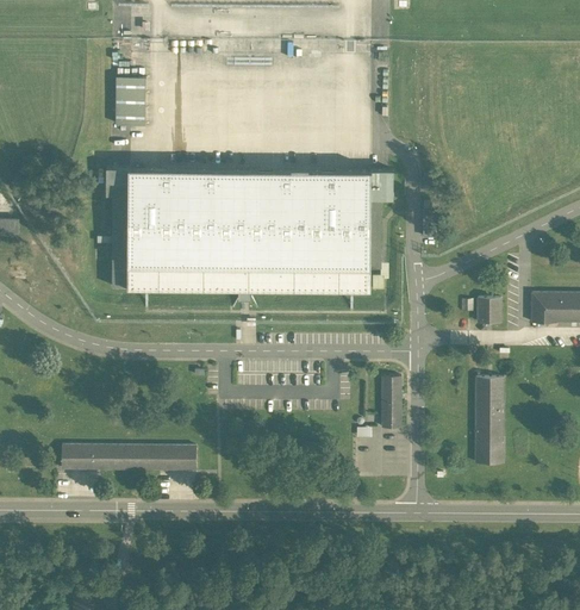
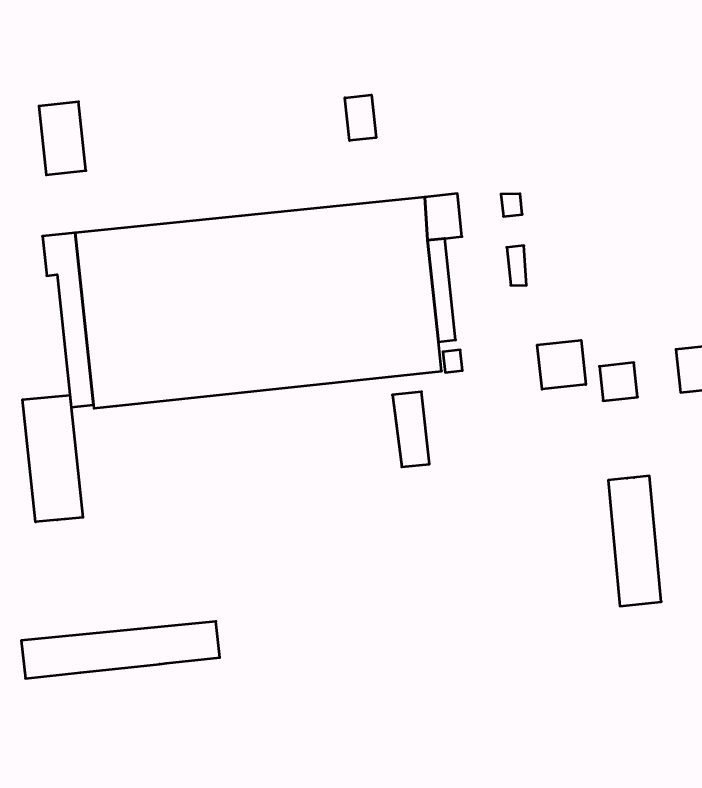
building: none -> [345,95,376,141]
building: none -> [23,395,83,522]
building: none -> [537,340,586,389]
building: [380,378,400,428] -> [392,392,429,467]

